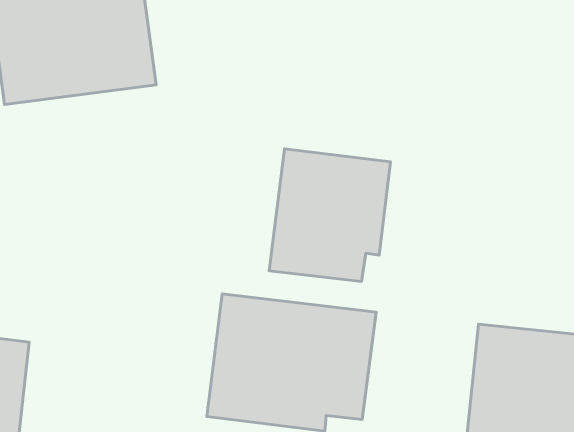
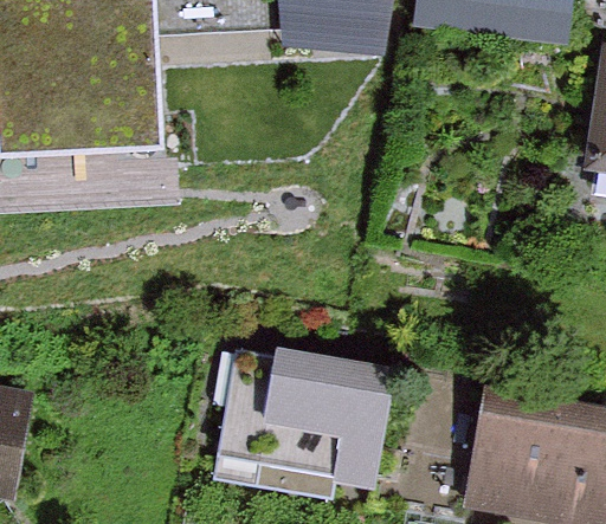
building: [269,149,391,282] -> none

